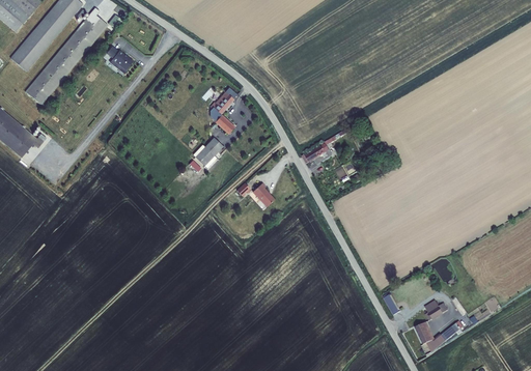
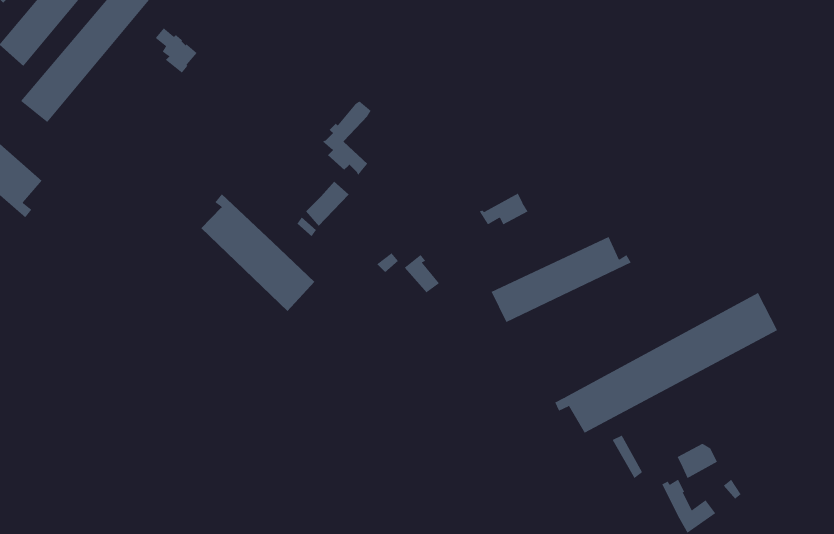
building: none -> [201,194,315,312]
building: none -> [491,236,632,323]
building: none -> [554,292,778,433]

